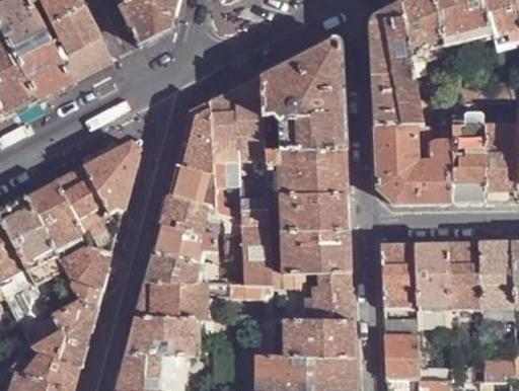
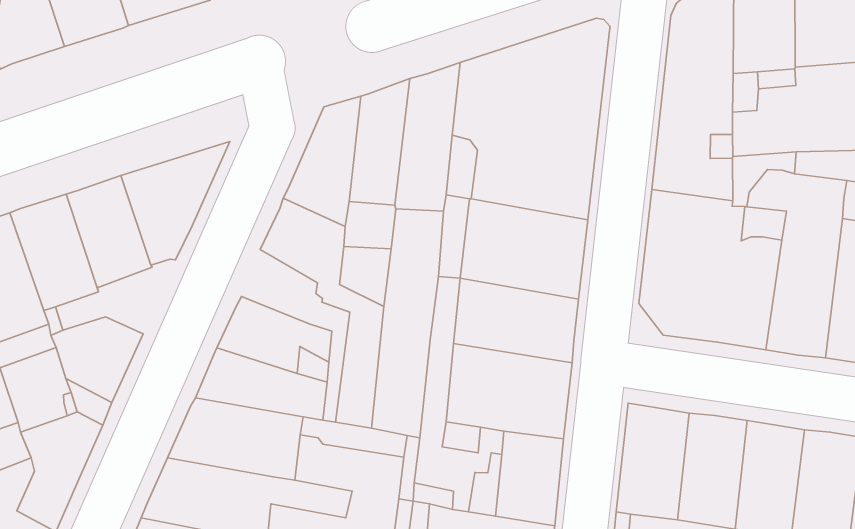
building: [160,193,201,230] -> none
building: [80,207,121,250] -> none

